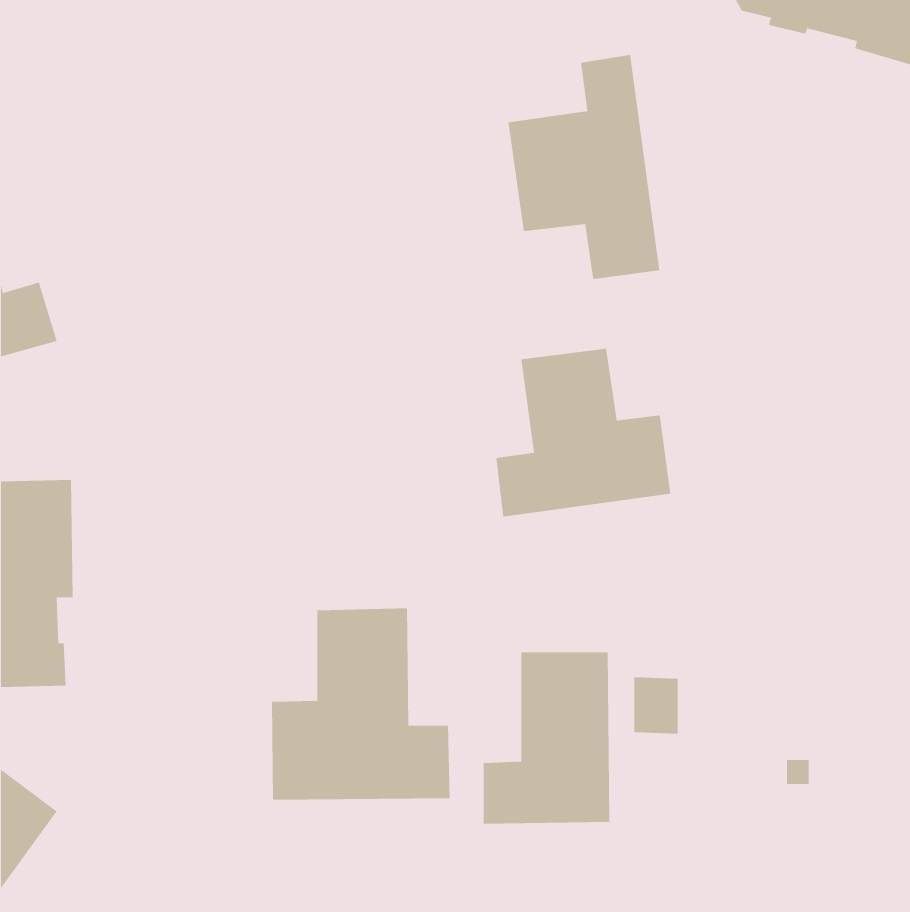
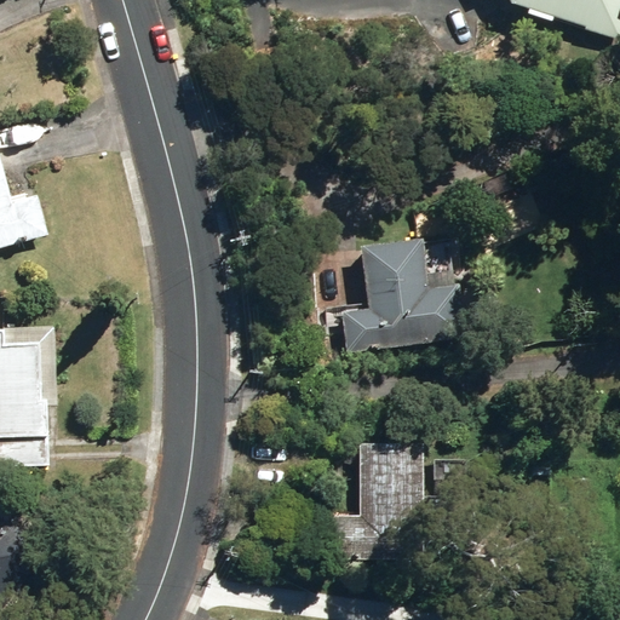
building: [508,54,660,280] -> none
building: [272,608,450,800] -> none

